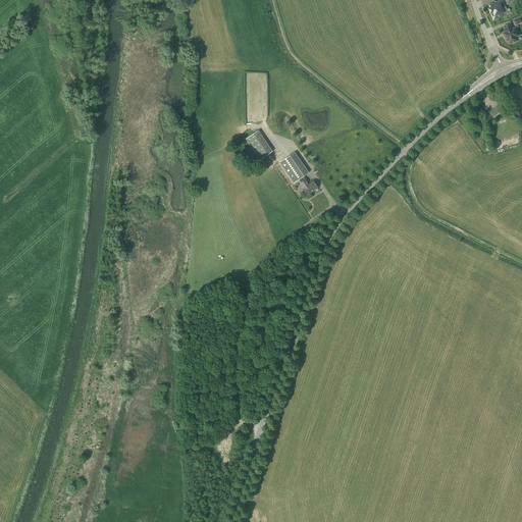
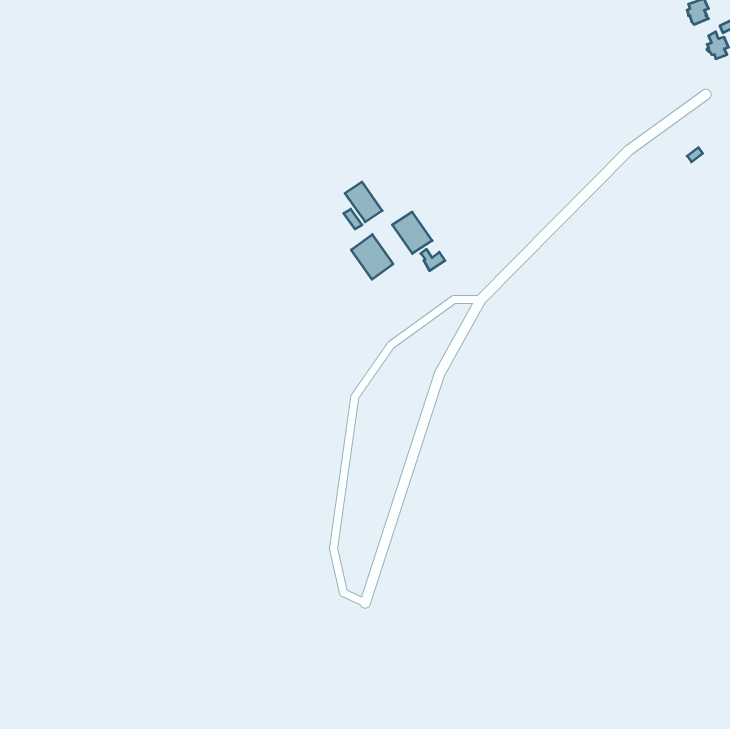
building: none -> [351,234,393,279]

